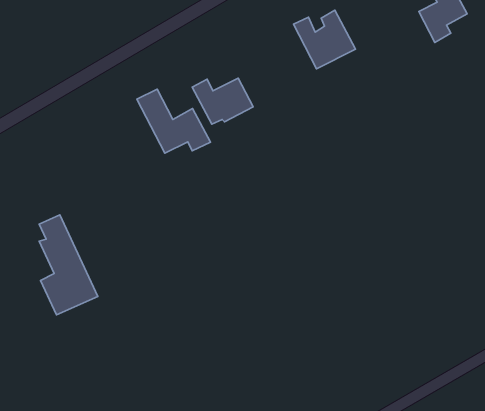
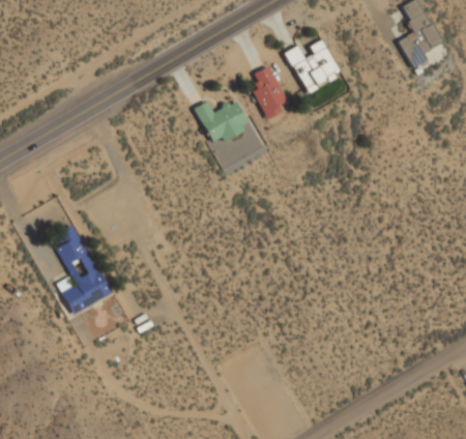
building: none -> [253,65,290,118]
building: [137,89,210,153] -> none

